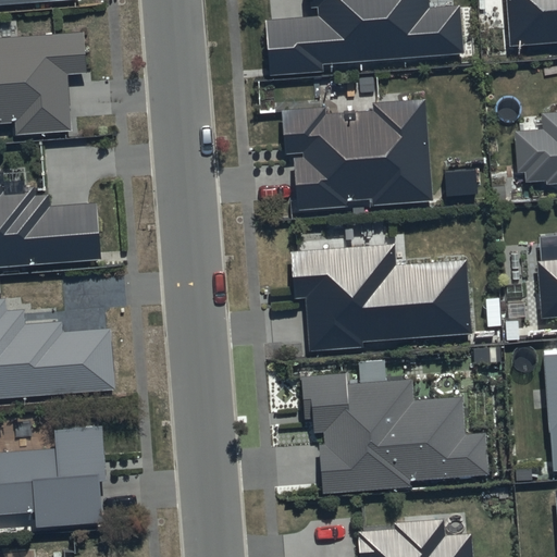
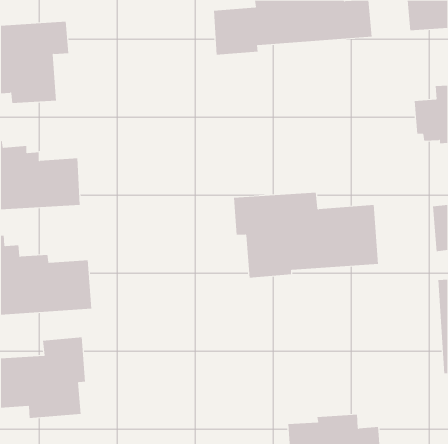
building: [280,98,432,210] -> none
building: [301,373,488,493] -> none

